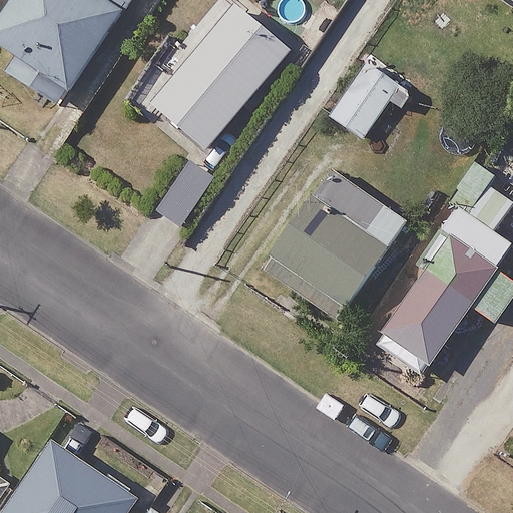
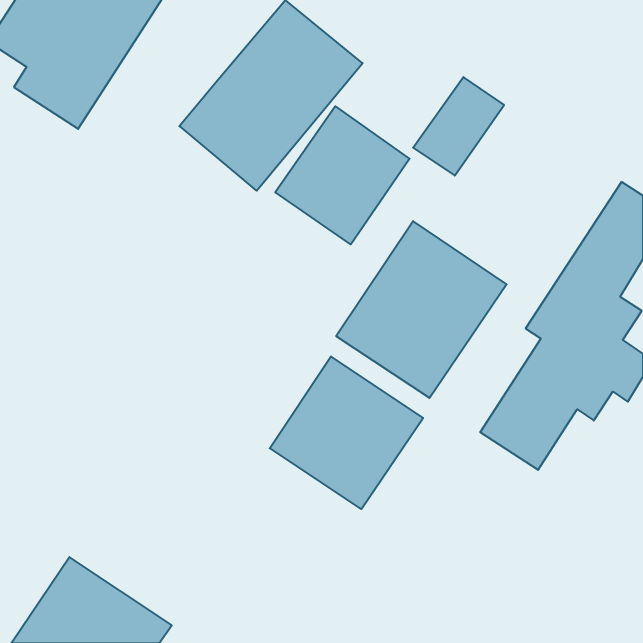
building: none -> [275,106,410,244]
building: none -> [270,356,423,509]

